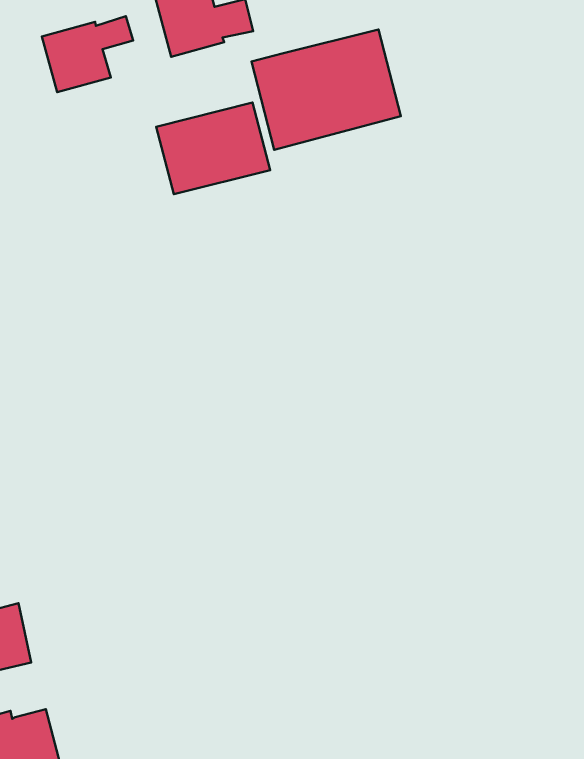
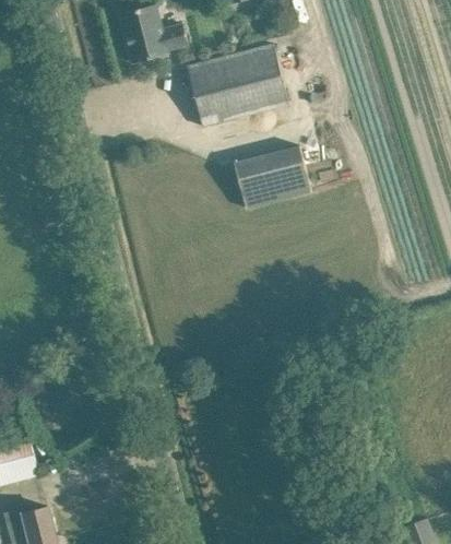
building: [42,16,133,92] -> none
building: [156,103,270,194] -> [234,146,311,209]

